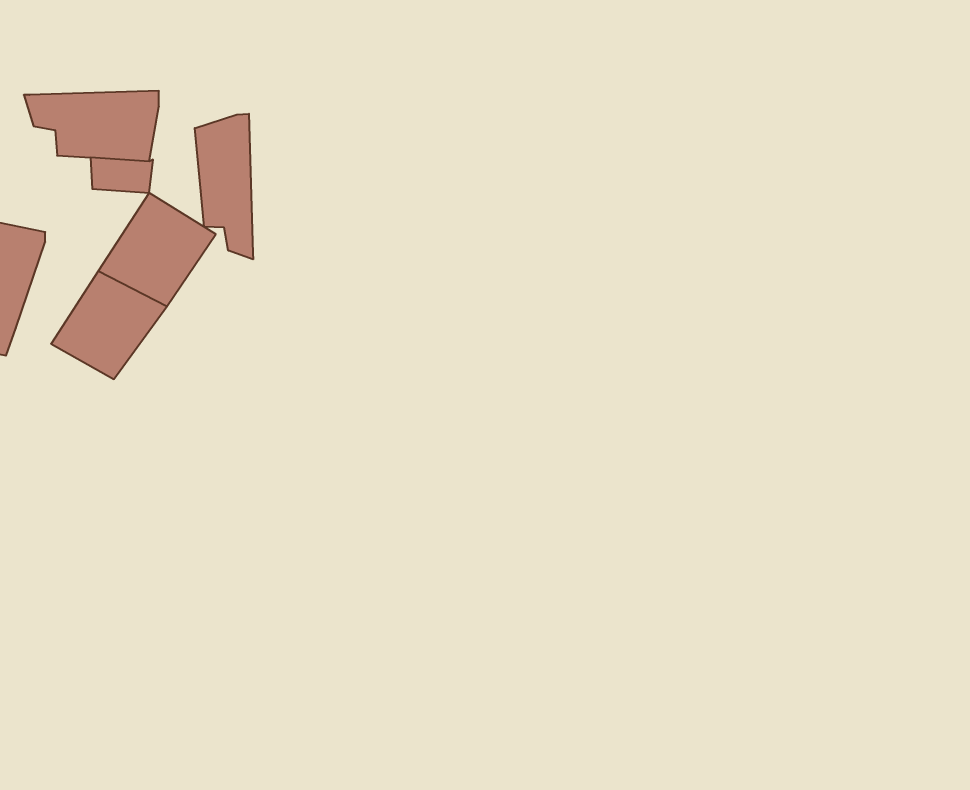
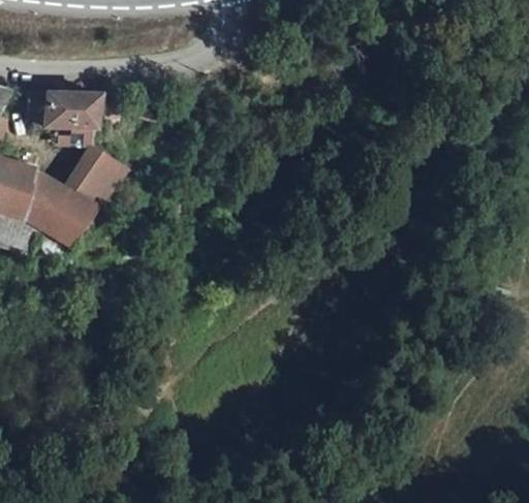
building: [195,114,253,259] -> none
building: none -> [21,170,64,224]

